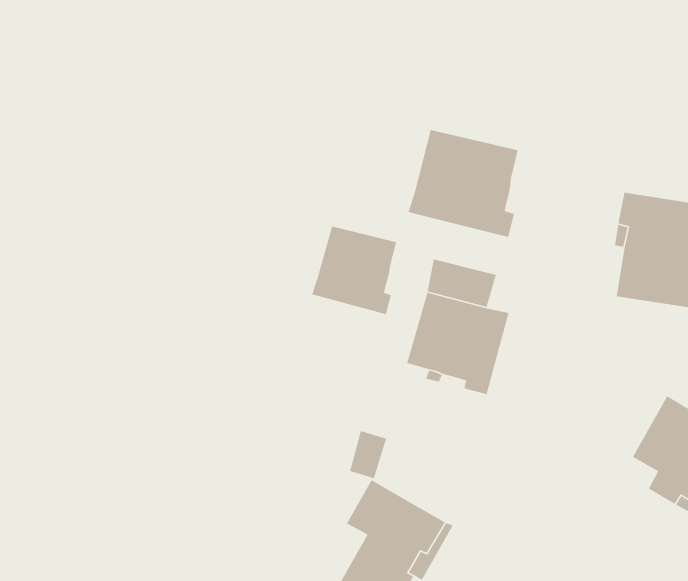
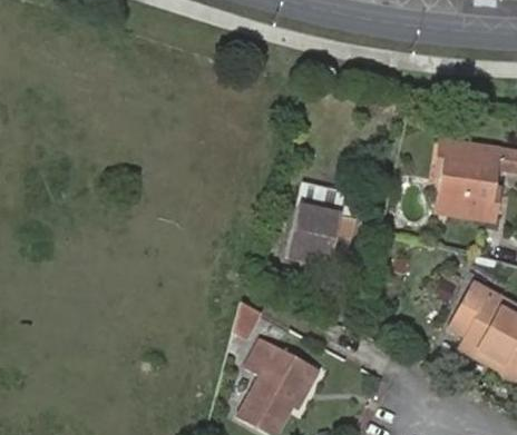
building: [407,129,519,238] -> none
building: [311,225,397,315] -> none

